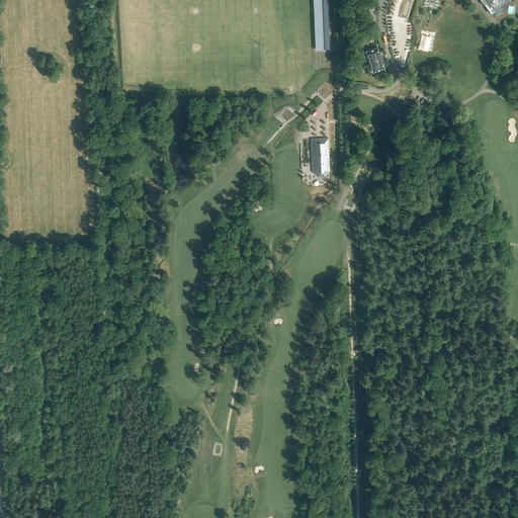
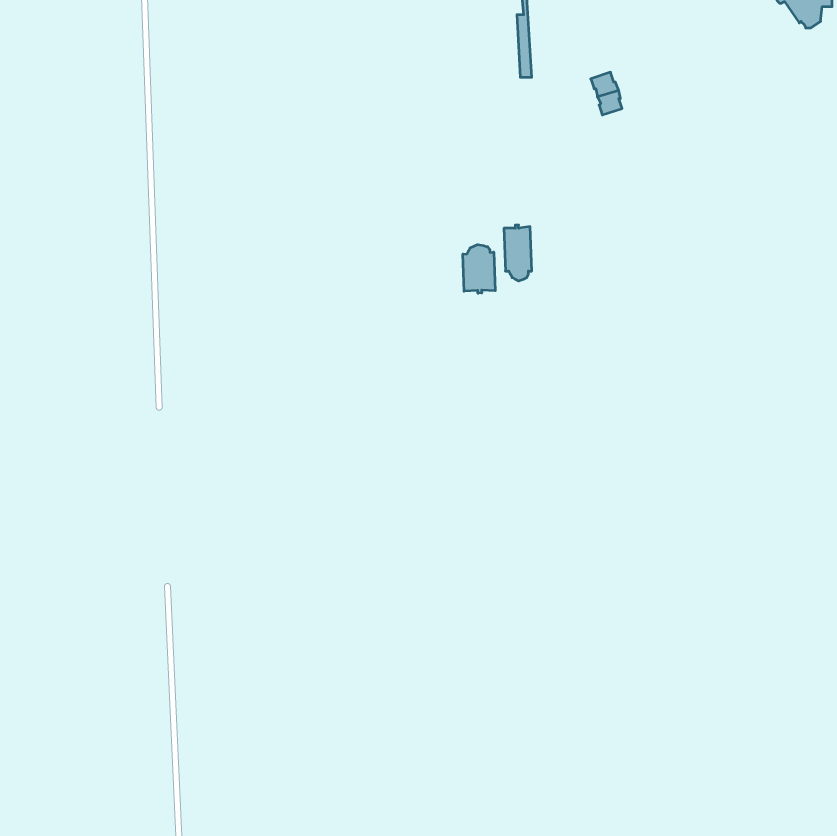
building: none -> [463,245,495,293]

